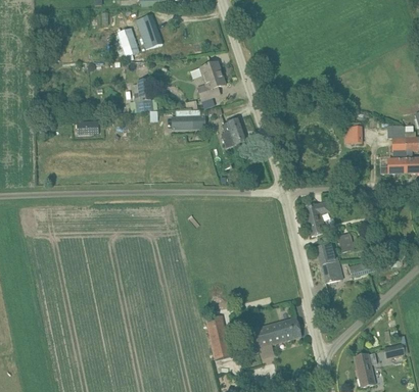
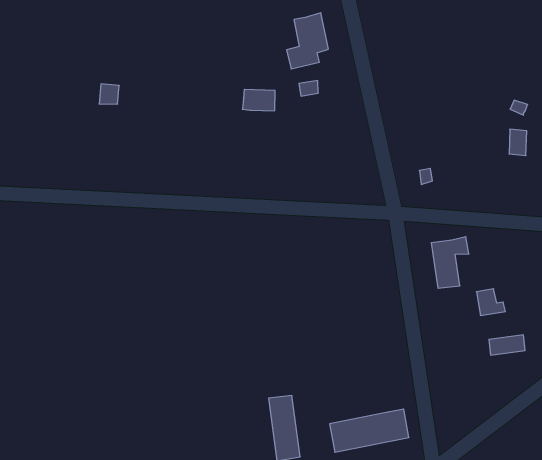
building: [133,79,152,111] -> none
building: [222,117,247,145] -> none
building: [316,242,342,283] -> none

